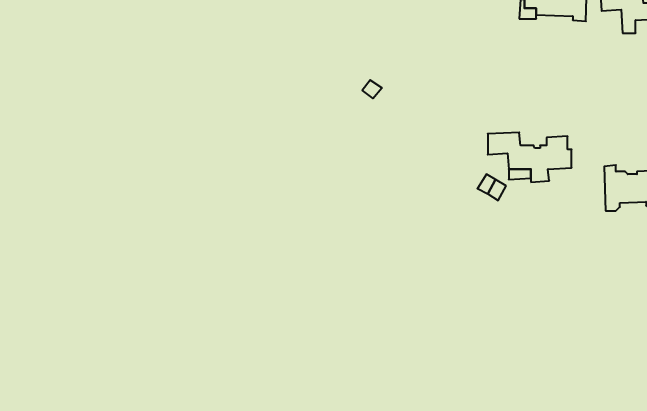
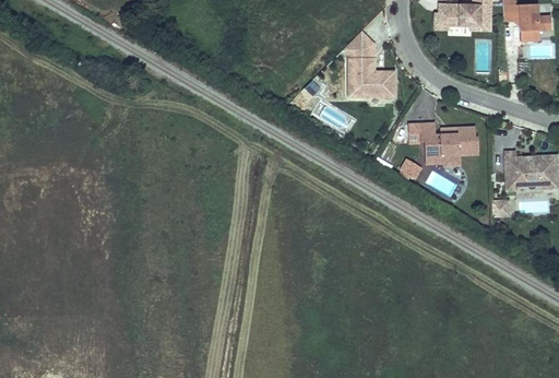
building: none -> [344,32,395,96]

